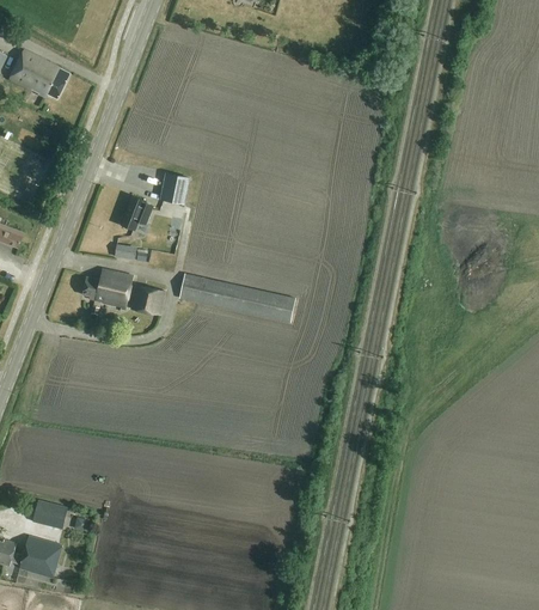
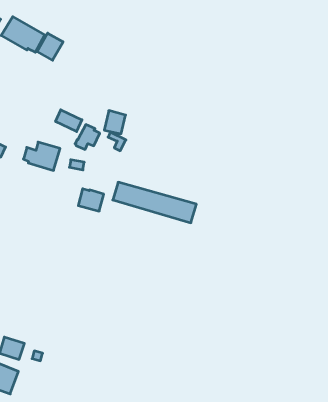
building: none -> [37,33,63,60]
building: none -> [56,110,82,132]
building: [82,269,133,307] -> [23,142,60,170]

